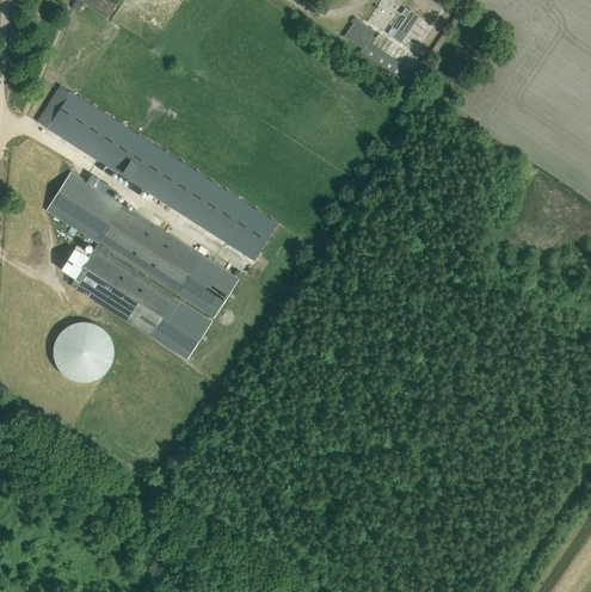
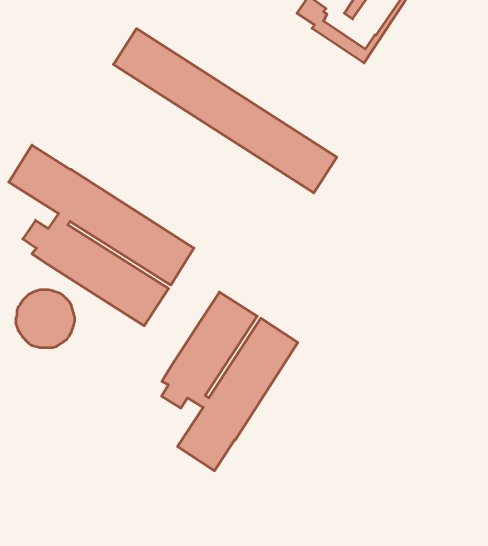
building: [47,91,277,260] -> [113,29,337,193]
building: none -> [162,292,298,471]

